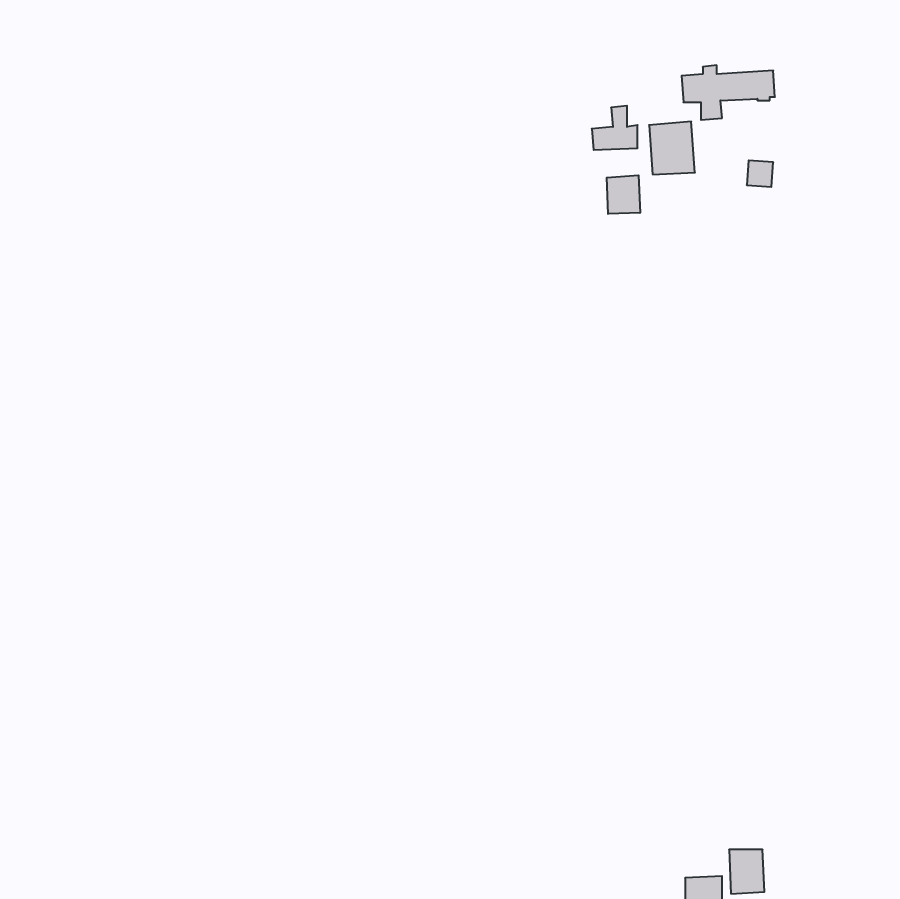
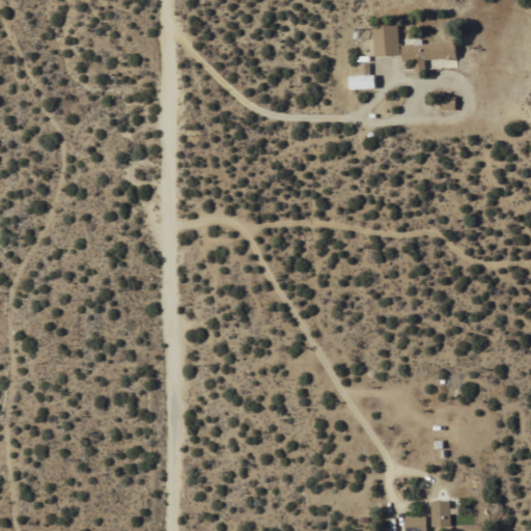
building: [649,122,695,174] -> [372,25,399,56]
building: [607,175,640,214] -> none

